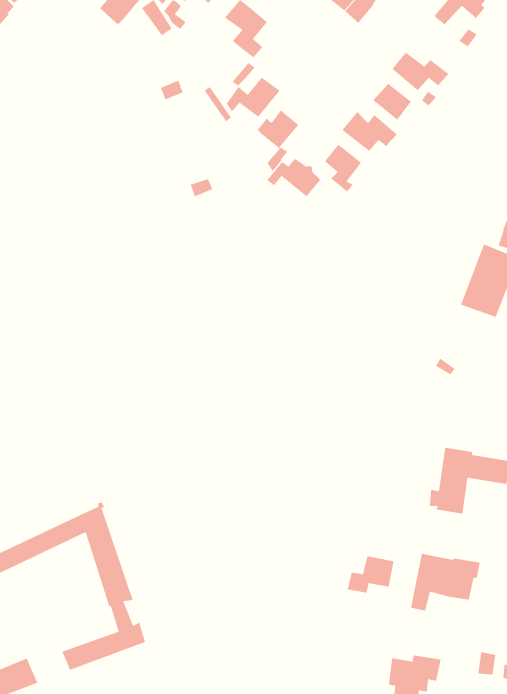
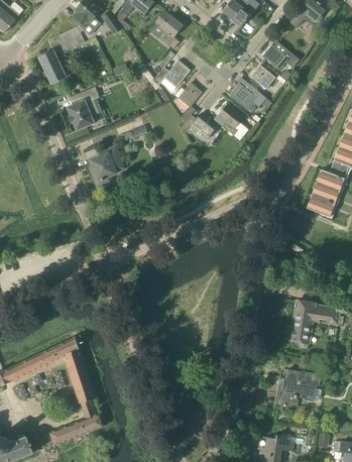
building: none -> [39,25,86,84]
building: none -> [68,87,99,130]
building: none -> [92,148,122,185]
building: [347,556,394,593] -> none

